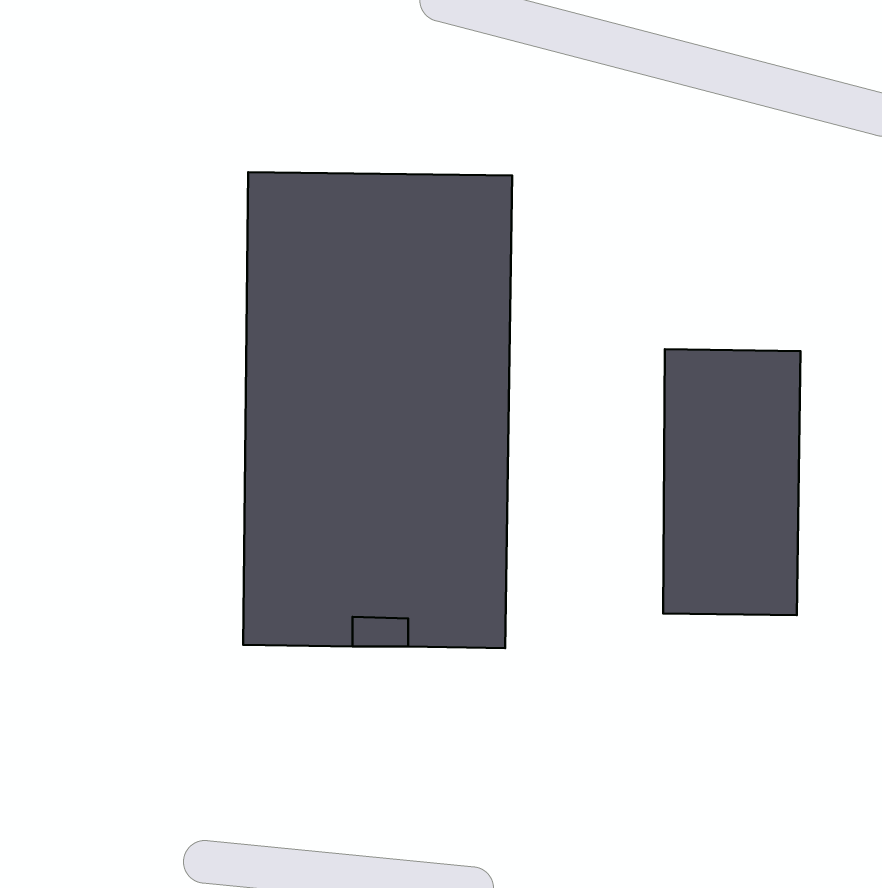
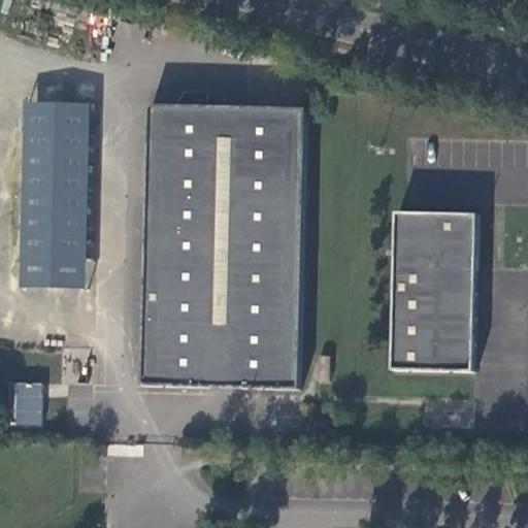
building: none -> [13,101,88,288]
building: none -> [9,382,40,426]

